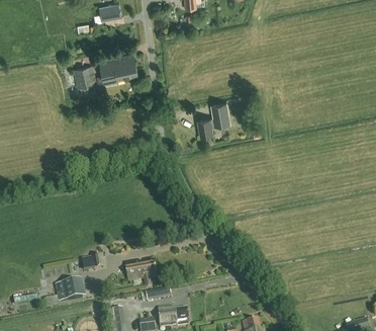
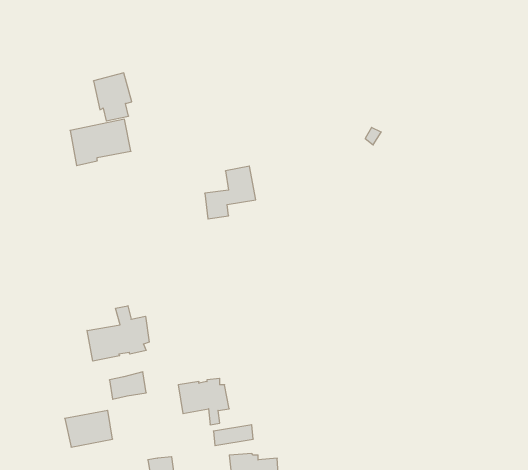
building: [99,54,137,83] -> [70,119,131,166]
building: [197,102,229,136] -> [205,166,256,219]
building: none -> [87,306,149,361]

